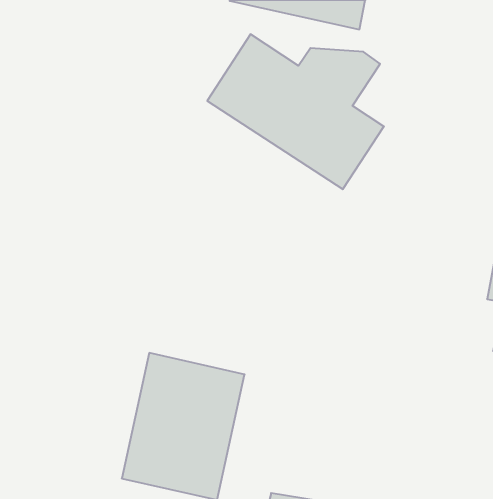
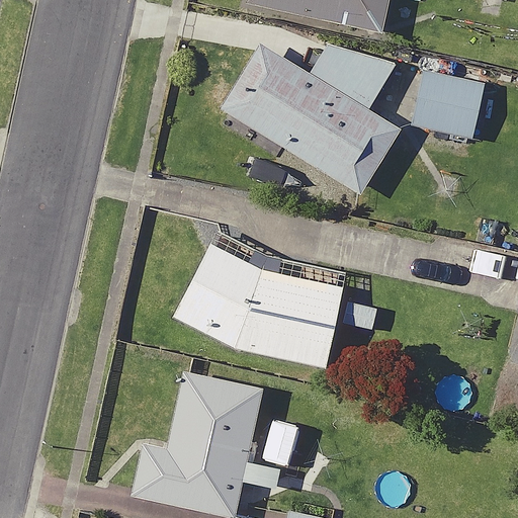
building: none -> [413,71,487,140]
building: none -> [167,227,351,369]

